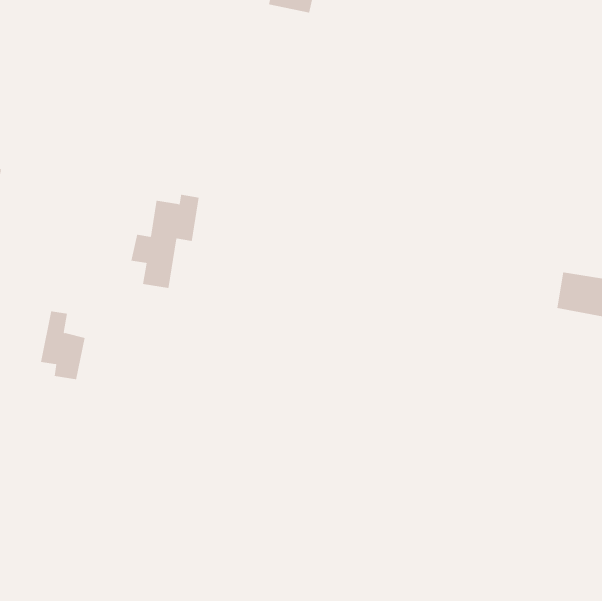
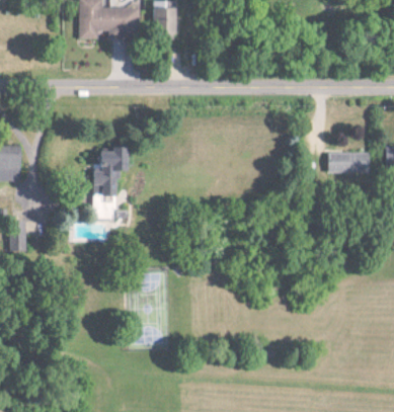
building: [40,311,85,380] -> [96,184,117,218]

